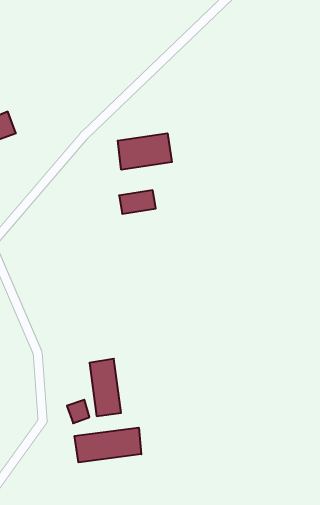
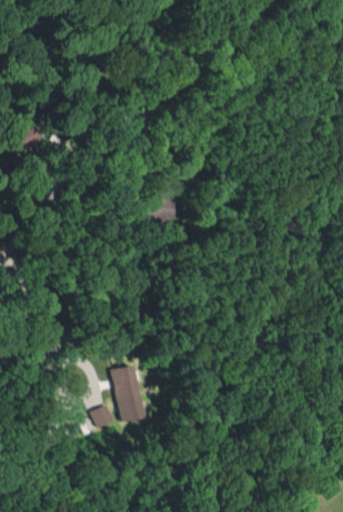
building: [118,133,172,170] -> none
building: [75,428,141,462] -> none

